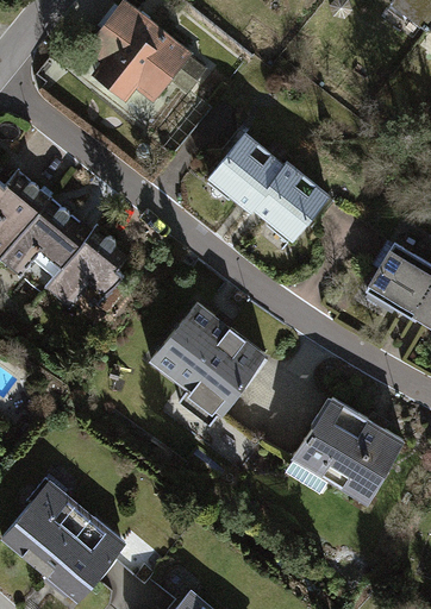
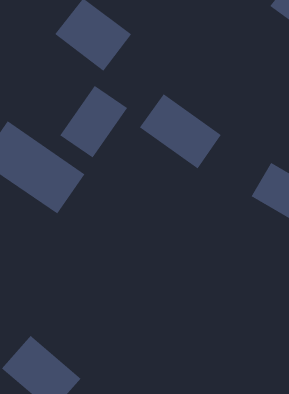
building: none -> [59,85,128,159]
building: [152,304,264,414] -> none
building: [295,402,404,503] -> none

